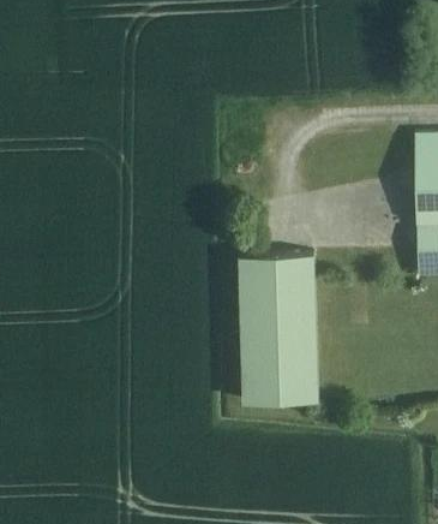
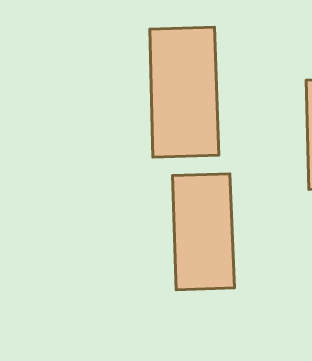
building: none -> [150,27,219,157]

